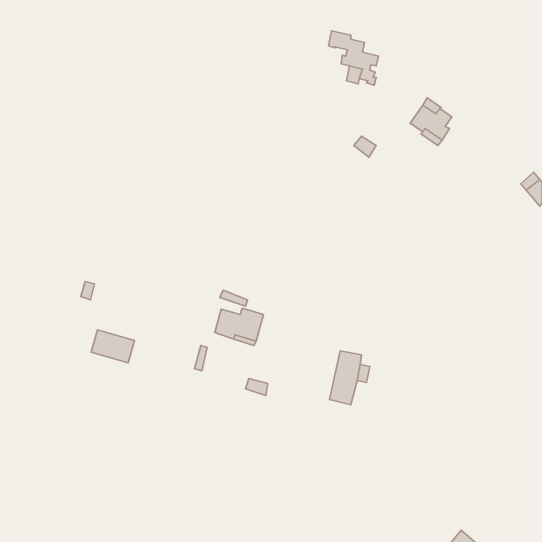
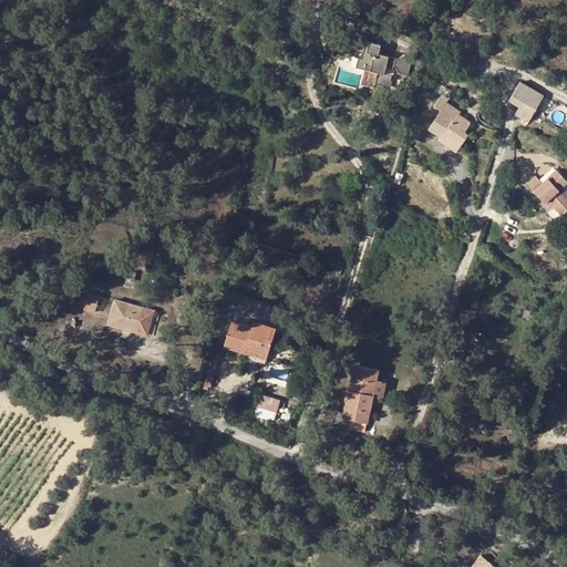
building: none -> [508,83,543,123]
building: [91,330,135,363] -> [107,301,153,336]

